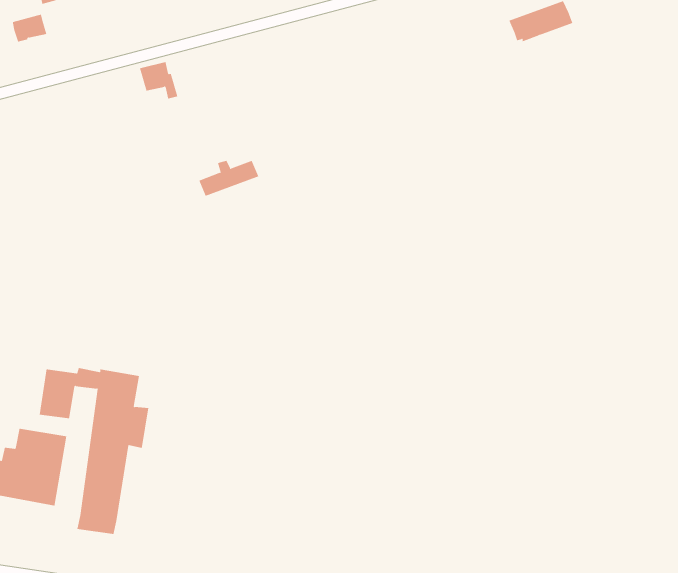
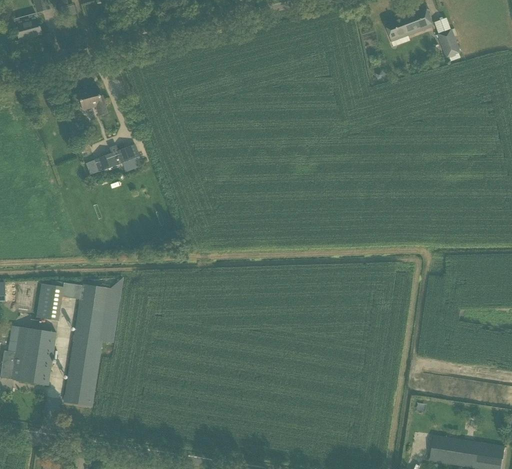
building: none -> [437,30,459,58]
building: [139,62,178,99] -> [77,88,106,116]
building: [198,160,259,197] -> [94,146,139,173]

